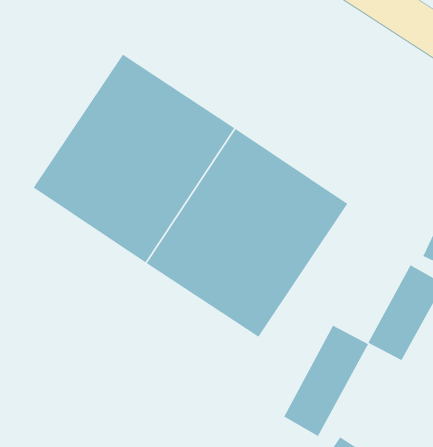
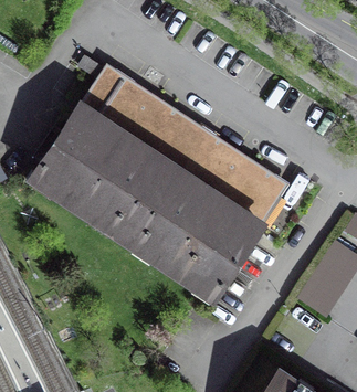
building: [283,325,369,437] -> none

